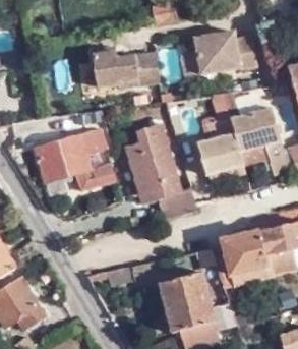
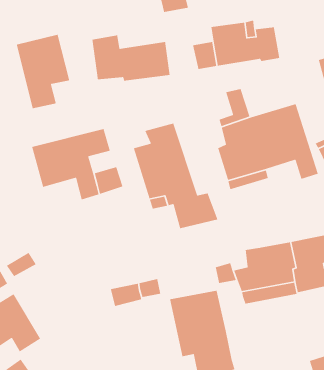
building: none -> [16,34,70,109]

